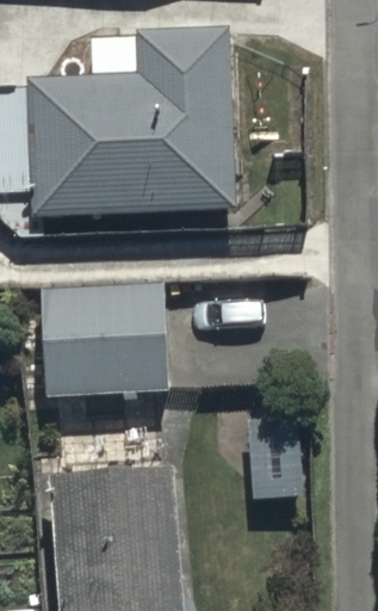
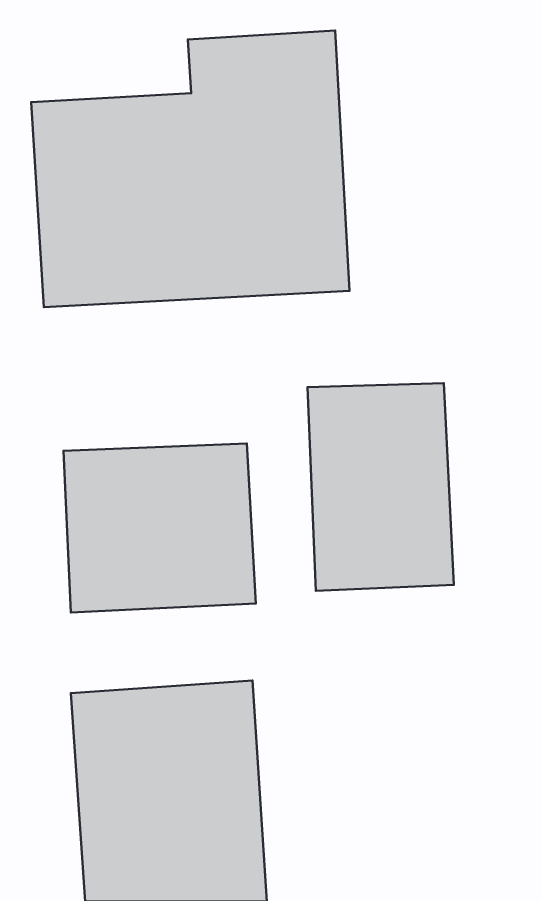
building: none -> [308,383,454,591]

